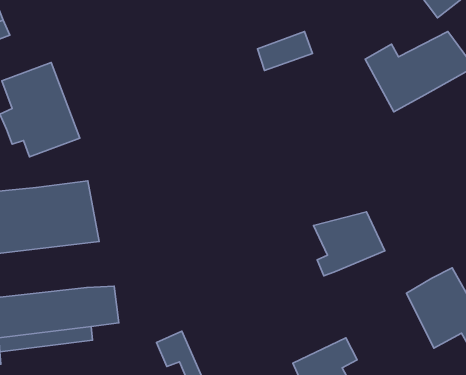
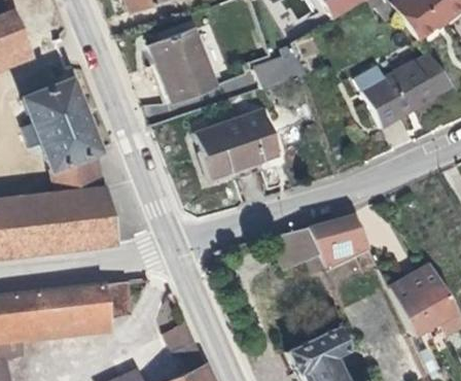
building: none -> [150,30,216,102]
building: none -> [191,109,279,179]
building: none -> [51,149,104,194]
building: none -> [272,228,319,269]

